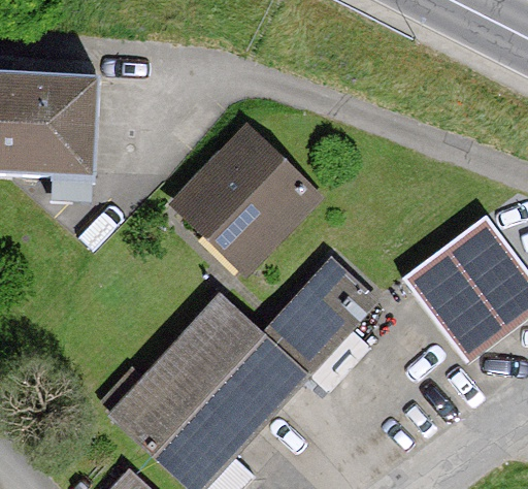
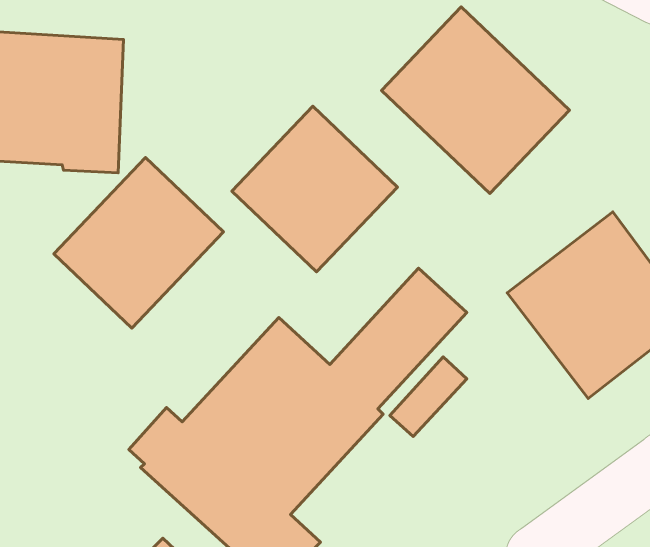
building: none -> [382,7,569,194]
building: none -> [54,157,224,328]

